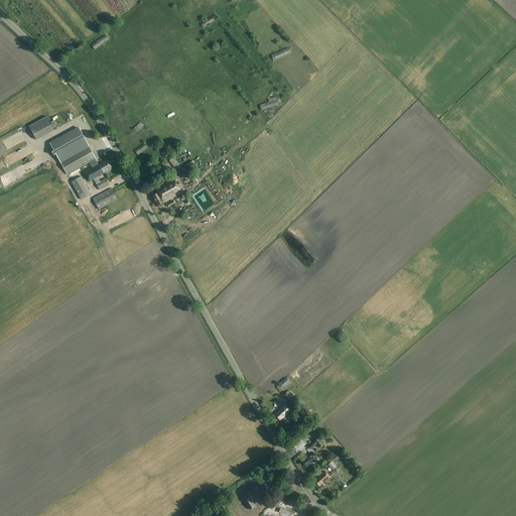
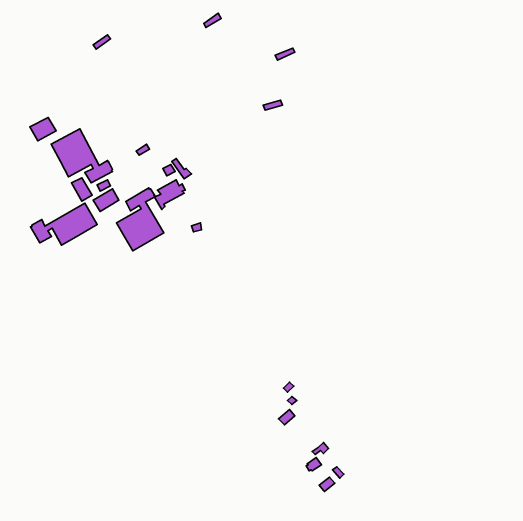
building: none -> [116,188,164,251]
building: none -> [30,203,97,245]

